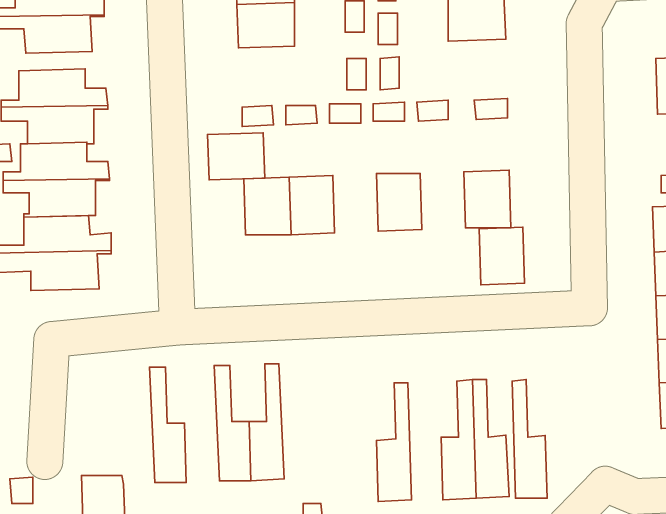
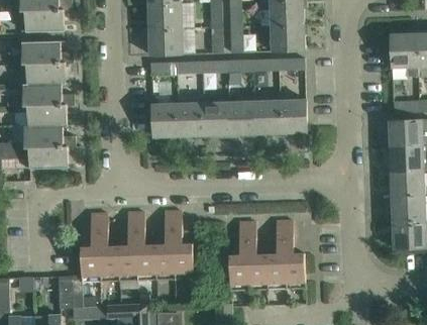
building: none -> [270,23,304,50]
building: [207,133,265,180] -> [148,27,182,55]
building: none -> [203,101,229,135]
building: [479,227,525,285] -> [253,100,280,133]
building: none -> [172,211,193,278]
building: none -> [117,212,137,280]
building: none -> [80,213,100,281]
building: [512,380,547,498] -> [246,221,266,290]

